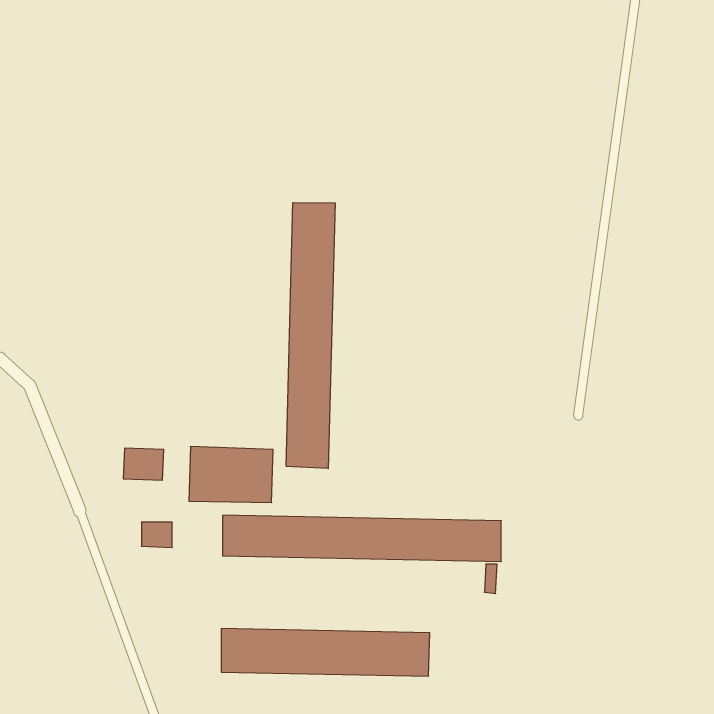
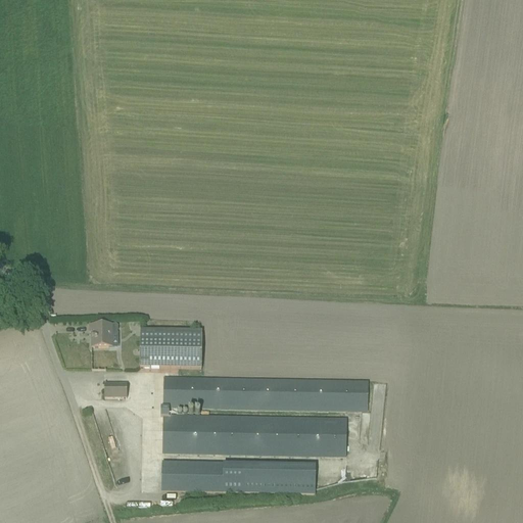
building: [286,203,335,469] -> none
building: none -> [163,416,346,455]

